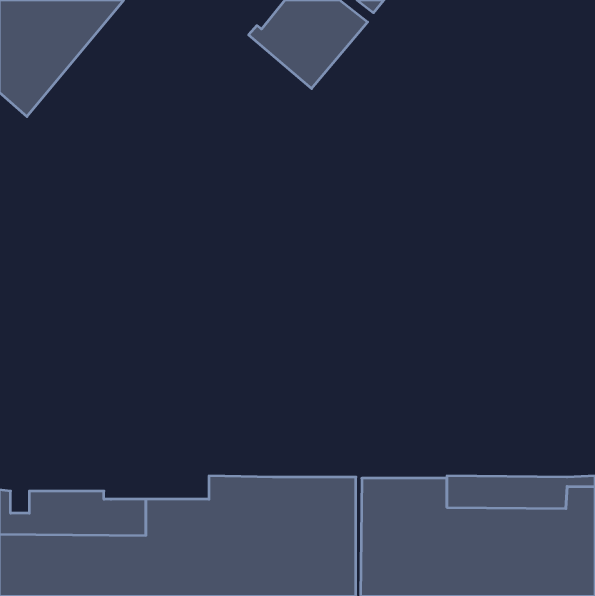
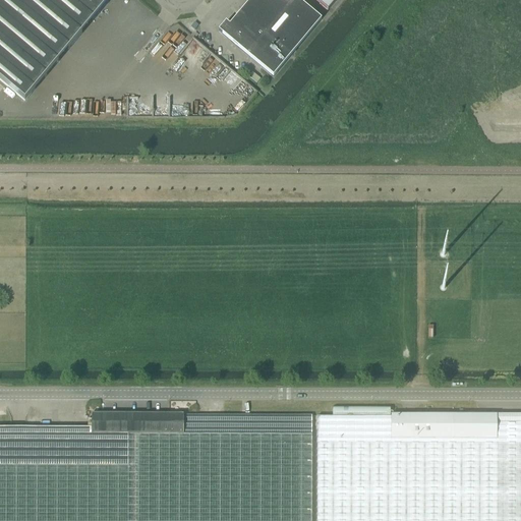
building: none -> [90,414,182,436]

